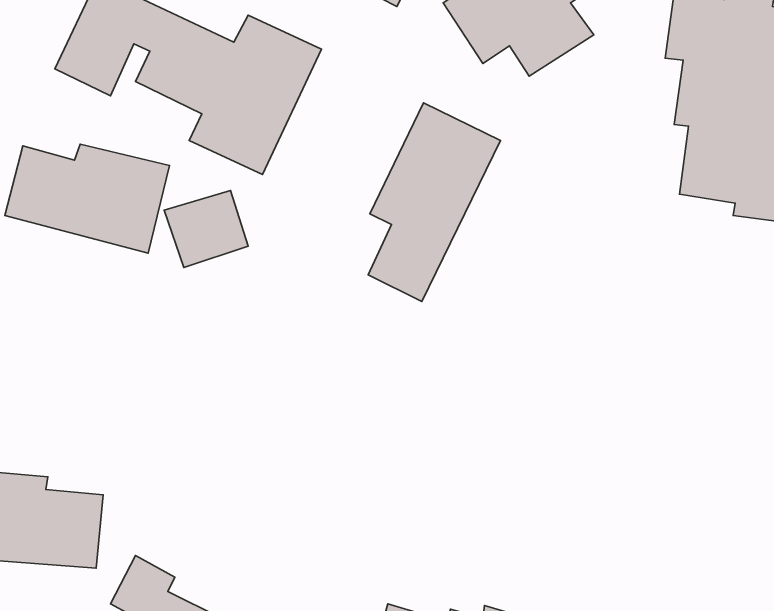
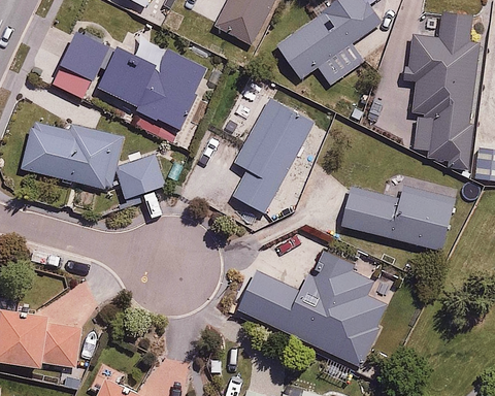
building: none -> [343,179,453,251]
building: none -> [236,250,387,367]

